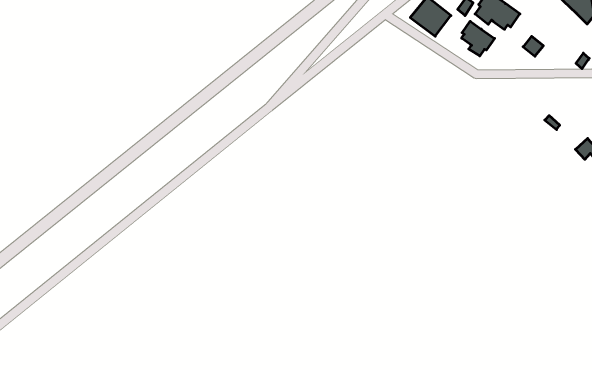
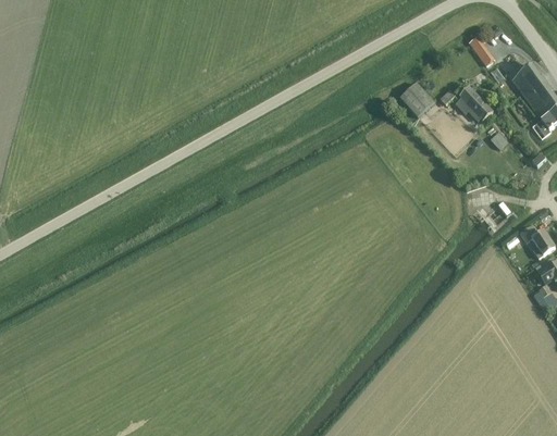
building: [462,21,495,56] -> none

